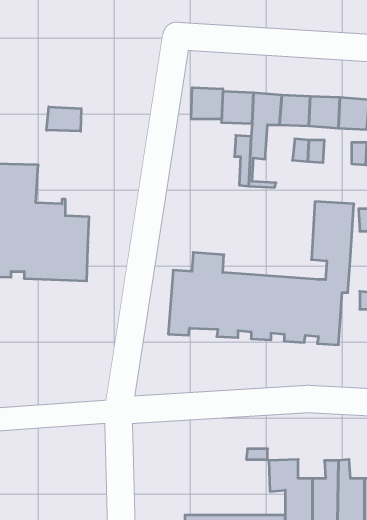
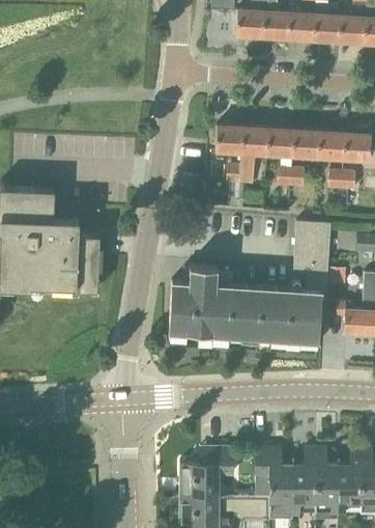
building: [191,88,223,119] -> none
building: [47,107,81,131] -> none
building: none -> [182,449,234,497]

